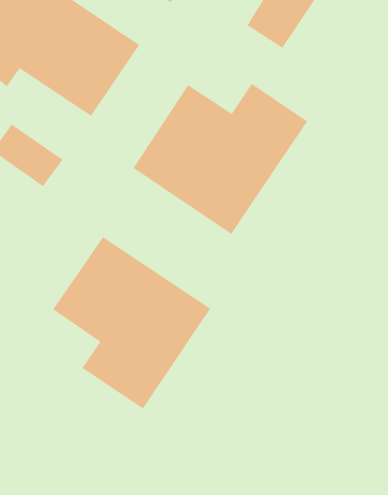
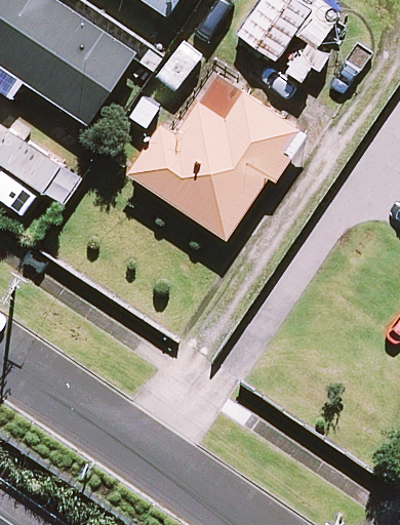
building: [52,236,211,410] -> none

